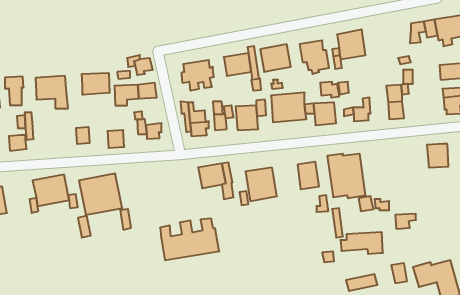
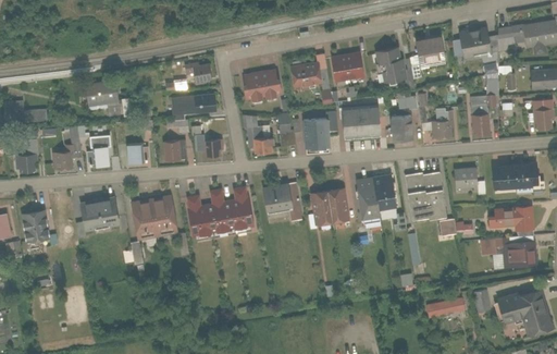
building: none -> [458,27,491,57]
building: [82,73,109,95] -> none
building: [5,77,24,105] -> [90,133,111,164]
building: none -> [492,161,517,188]
building: none -> [455,166,478,186]
building: none -> [356,183,377,225]
building: none -> [508,241,537,270]
building: [160,219,219,260] -> [186,192,251,237]
building: [340,232,383,254] -> [487,205,534,229]

